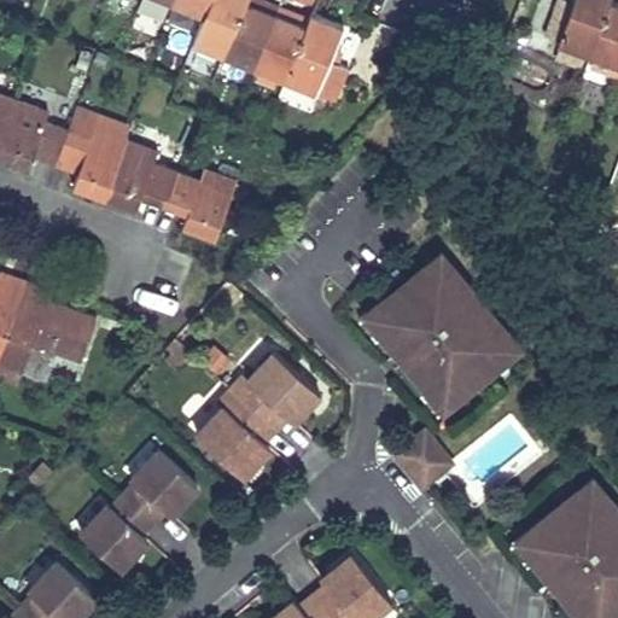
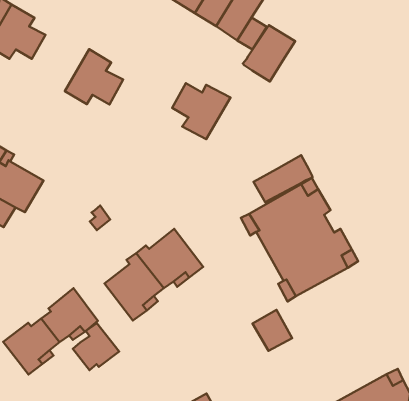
building: none -> [243,25,295,82]
building: [54,129,126,199] -> none
building: [164,169,237,239] -> [172,83,230,139]
building: none -> [253,155,312,202]
building: none -> [73,323,119,370]

